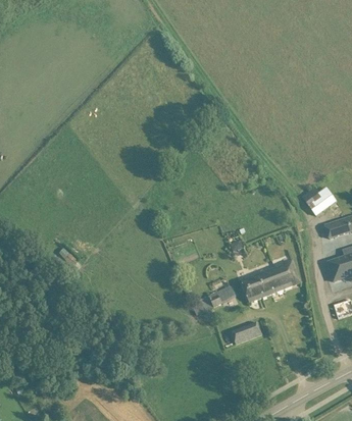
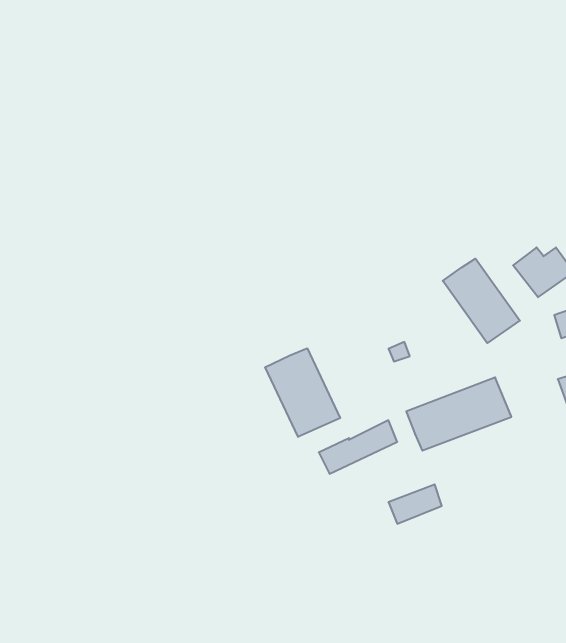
building: none -> [443,259,520,343]
building: none -> [265,348,340,437]

